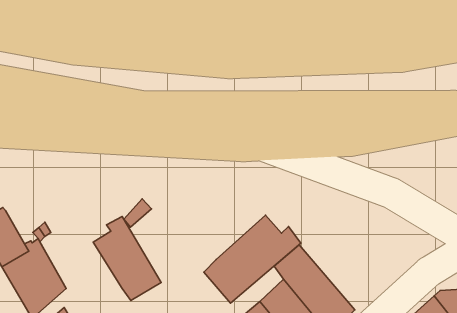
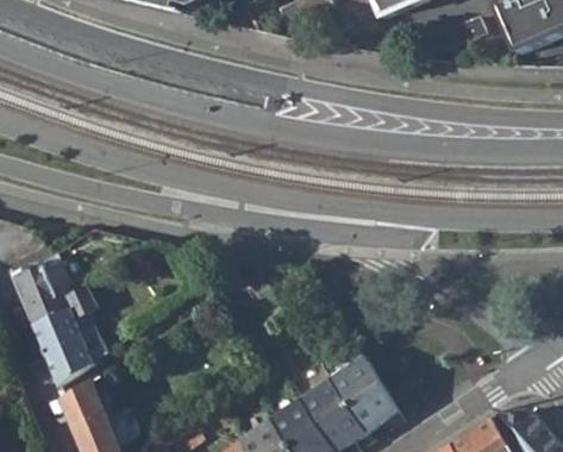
building: [204,215,301,303] -> none
building: [93,217,161,300] -> none

